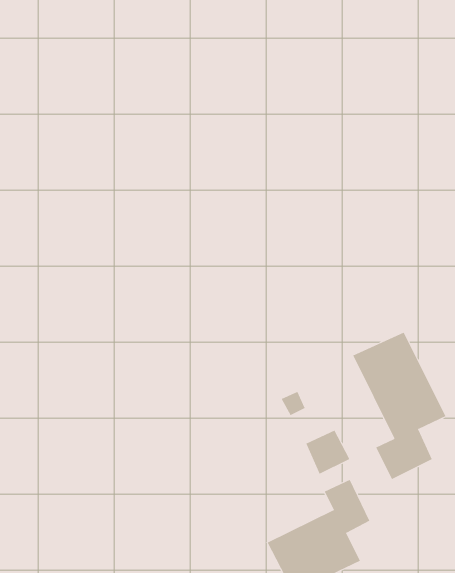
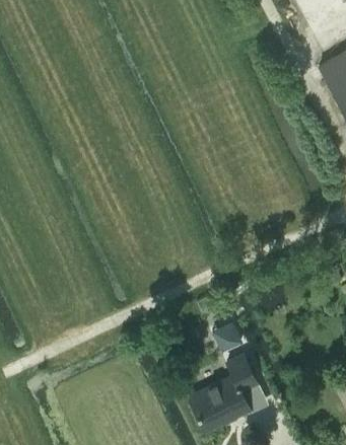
building: [353,332,446,480] -> none

